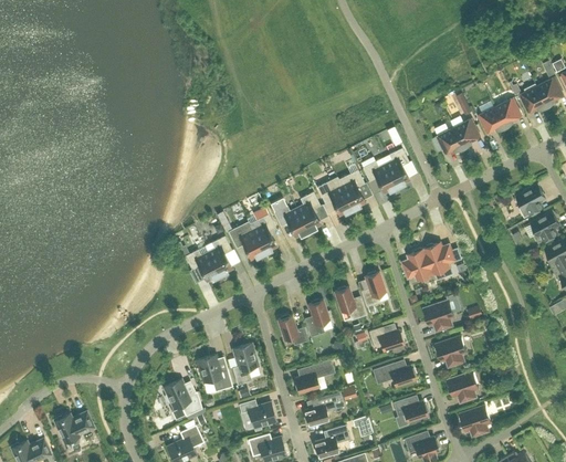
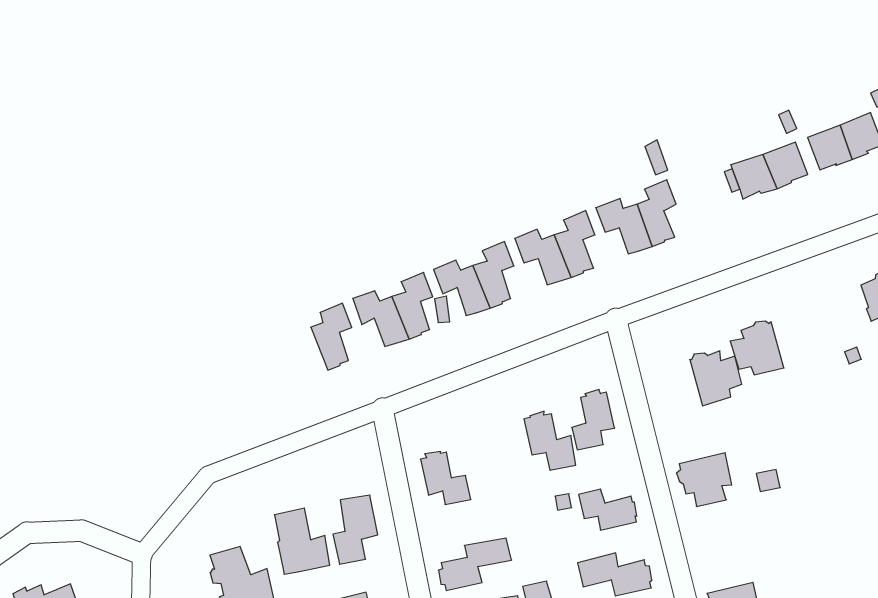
building: [402,249,434,280] -> [730,321,784,375]
building: [186,250,220,281] -> none
building: [306,300,329,336] -> none
building: [436,336,468,367] -> none

